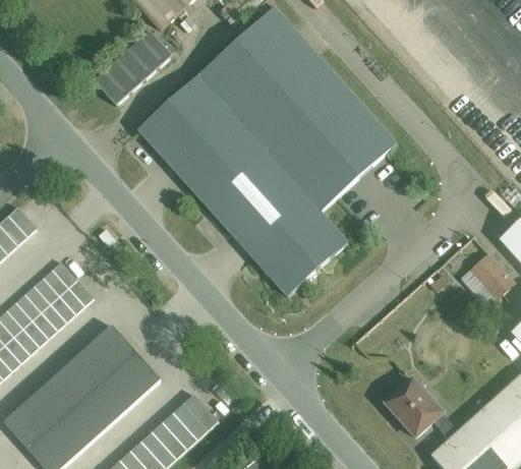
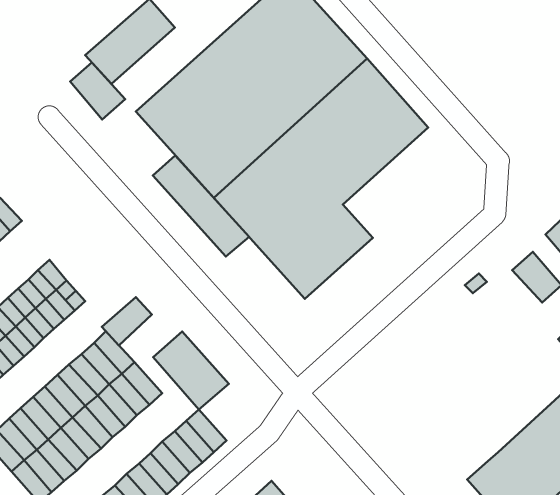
building: none -> [70,62,125,119]
building: none -> [153,155,249,257]
building: none -> [102,297,152,345]
building: none -> [153,332,229,409]
building: [386,378,458,438] -> none

